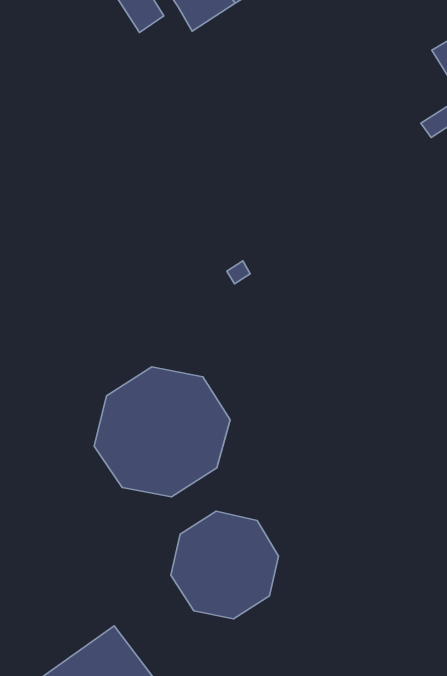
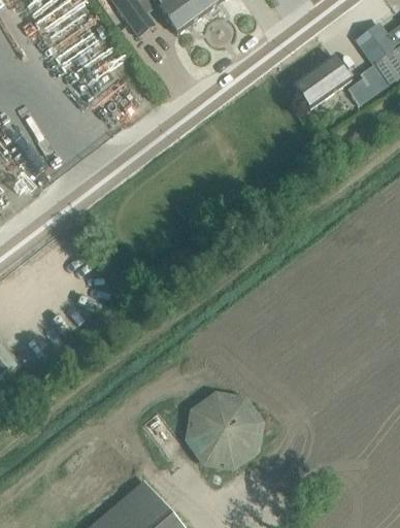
building: none -> [292,55,351,108]
building: [94,367,230,497] -> none

